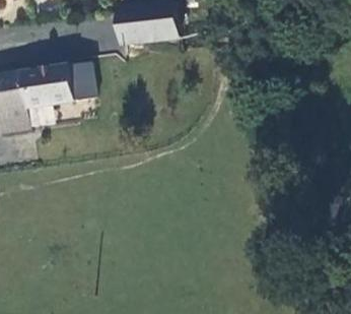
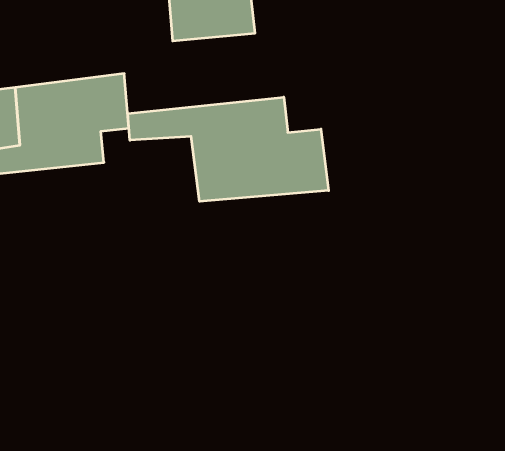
building: none -> [128,97,329,201]

